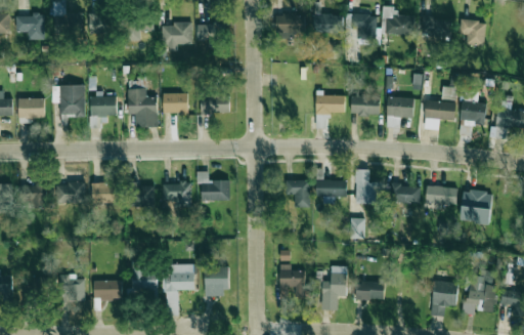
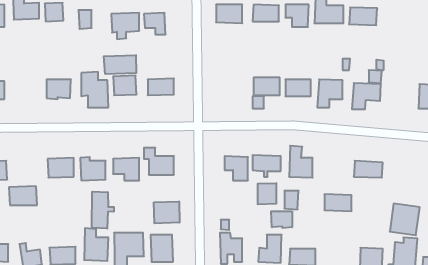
building: [460,20,484,45] -> none
building: none -> [104,55,136,74]
building: [52,85,85,116] -> none
building: [461,101,484,125] -> none
building: [55,182,86,203] -> [9,186,37,205]
building: [390,184,420,203] -> [324,194,352,211]
building: [460,190,492,224] -> [390,204,420,235]
building: none -> [258,183,276,204]
building: none -> [92,192,114,229]
building: none -> [154,201,180,223]
building: none -> [271,211,292,228]

